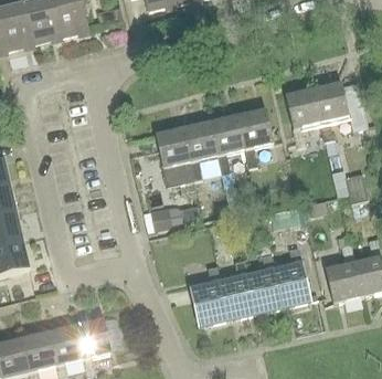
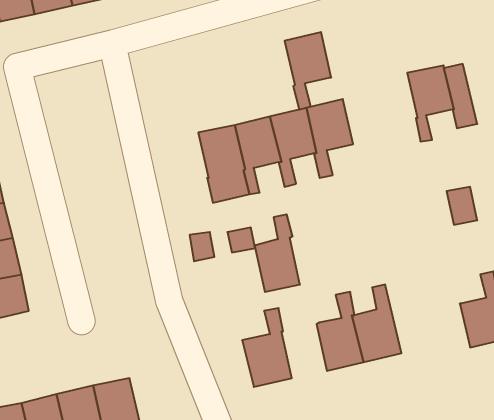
building: [287,87,322,146] -> [285,32,331,110]
building: [326,244,362,301] -> none
building: [220,260,254,318] -> [255,214,300,292]

